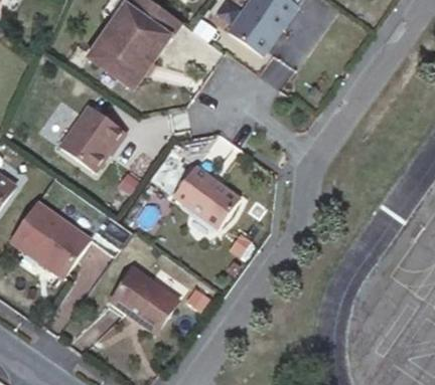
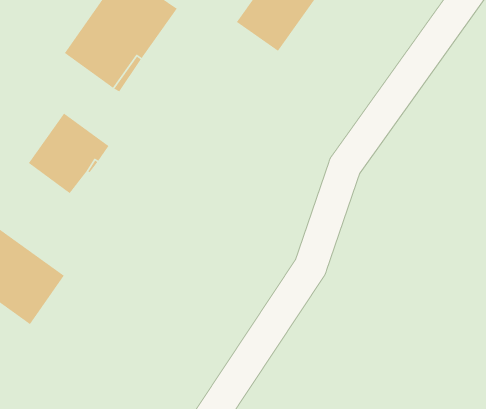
building: [172,167,239,230] -> none
building: [111,269,178,333] -> none

